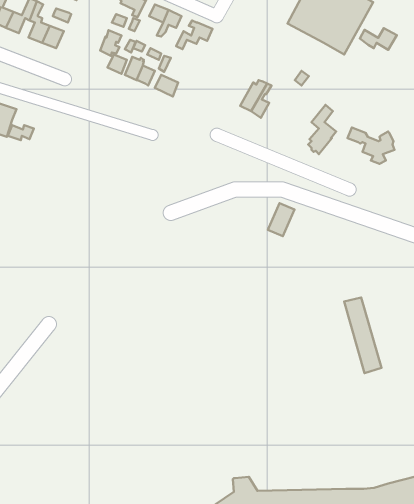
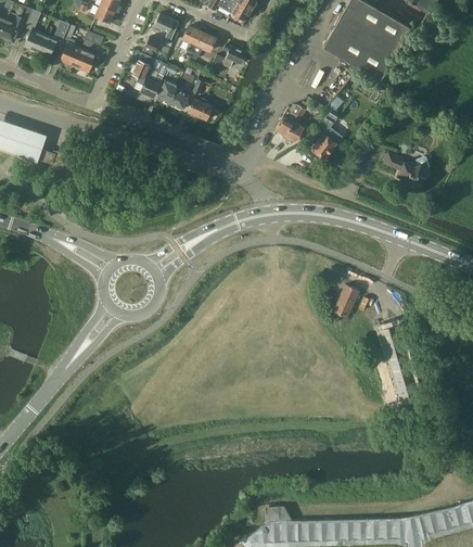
building: [360,28,397,50] -> none
building: [308,105,336,154] -> [312,110,341,160]
building: [268,203,295,236] -> [332,284,359,318]

